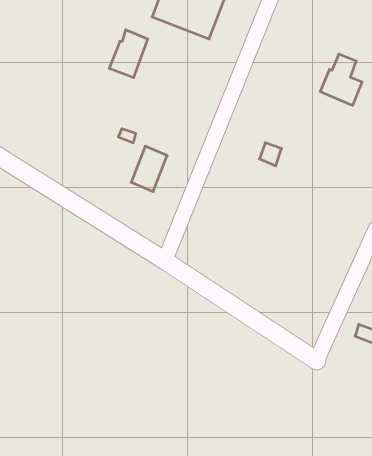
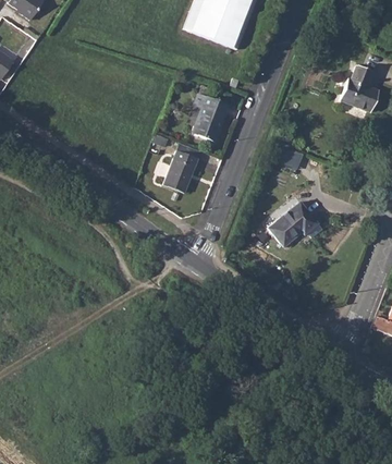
building: [109,30,148,78] -> [193,96,229,141]
building: none -> [268,202,318,246]

